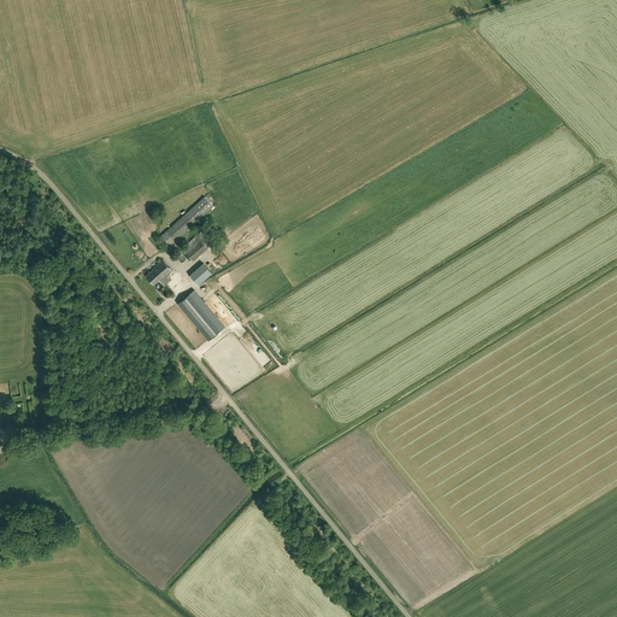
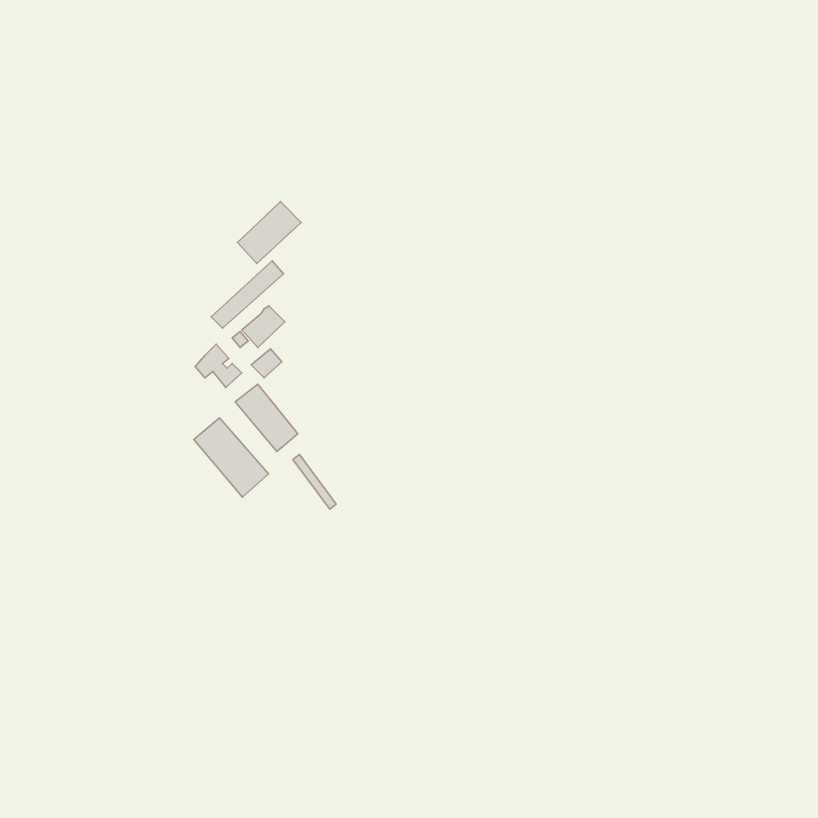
building: none -> [238,201,301,264]
building: none -> [194,418,268,497]

